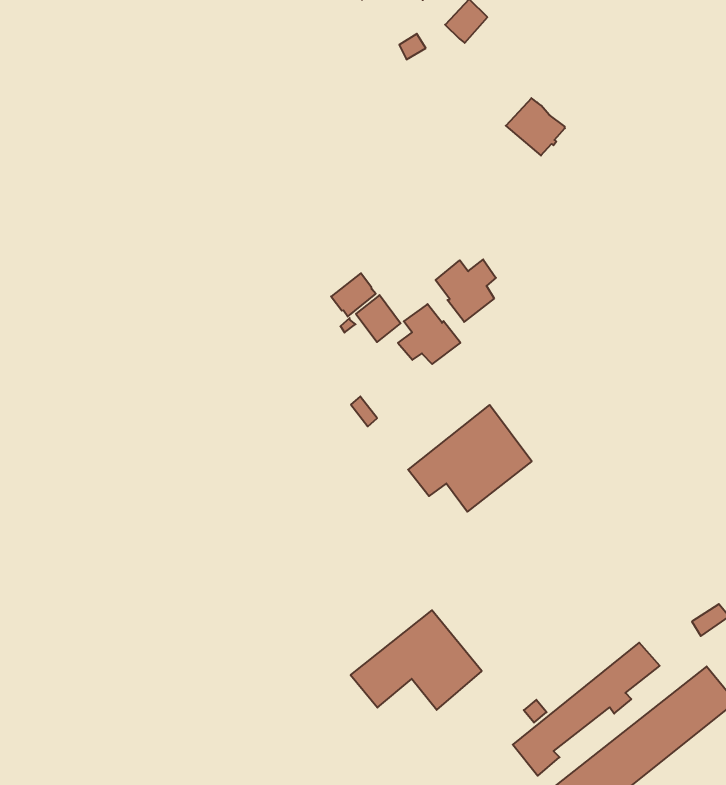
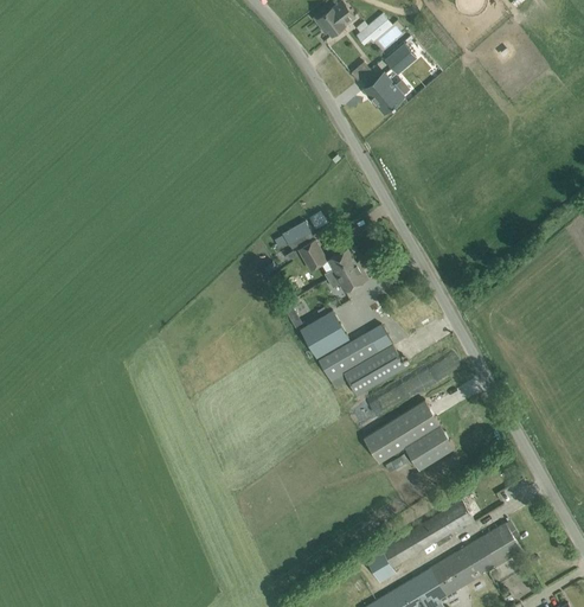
building: [506,98,565,156] -> [362,72,403,113]
building: [436,259,496,322] -> none
building: none -> [301,311,348,357]
building: [351,610,482,710] -> [362,401,453,469]

